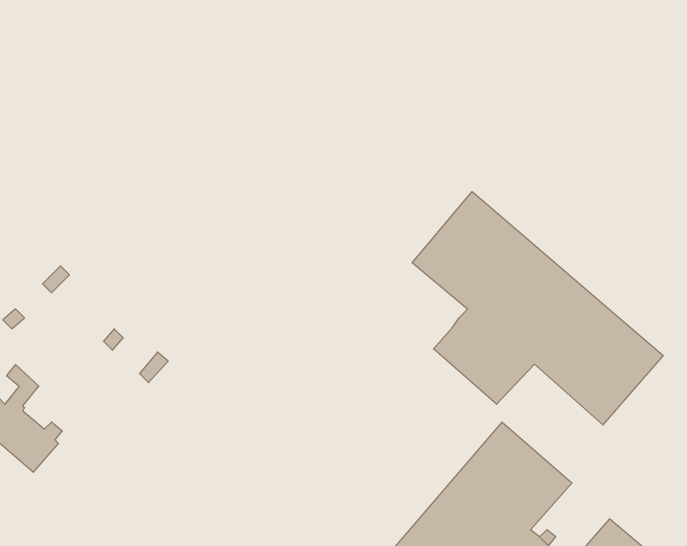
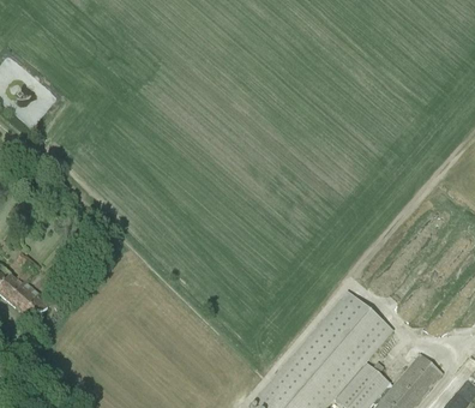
building: [412,192,663,425] -> none

